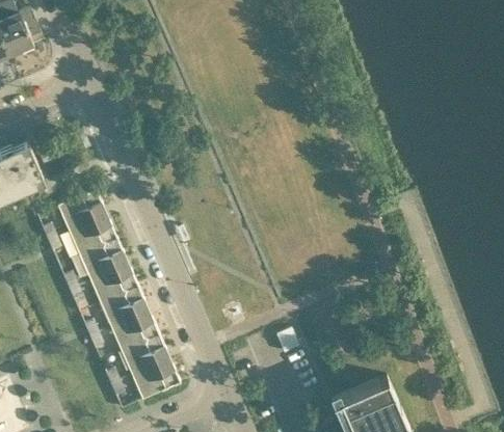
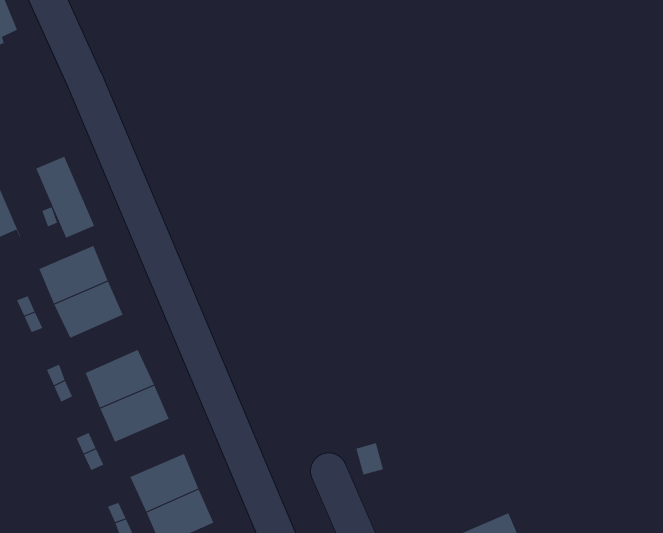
building: none -> [35,156,95,238]
building: [78,238,126,278] -> none
building: [109,311,158,351] -> none

